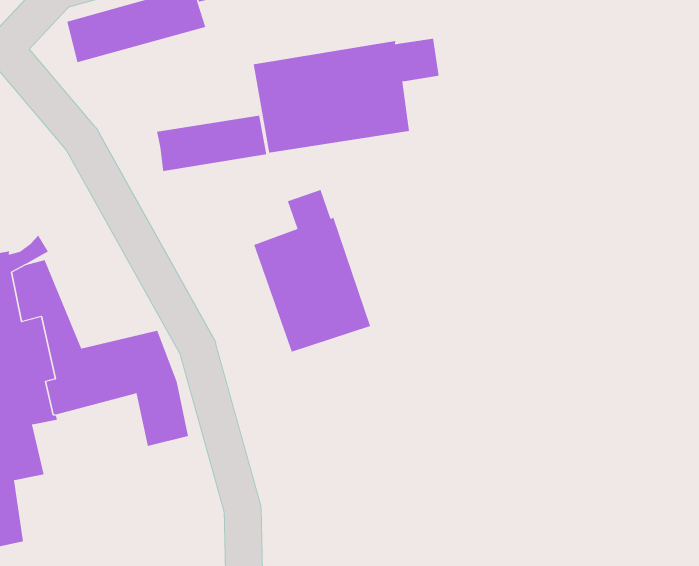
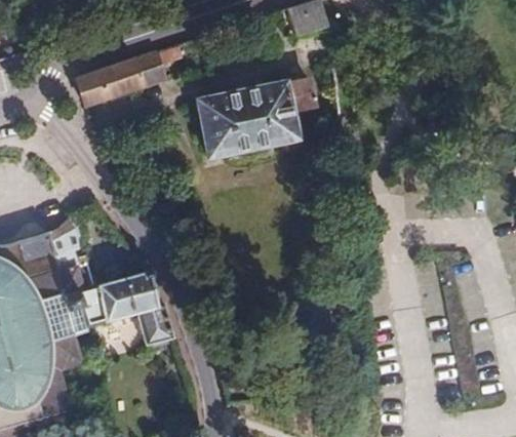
building: [157,115,267,172] -> none
building: [254,189,371,353] -> none

